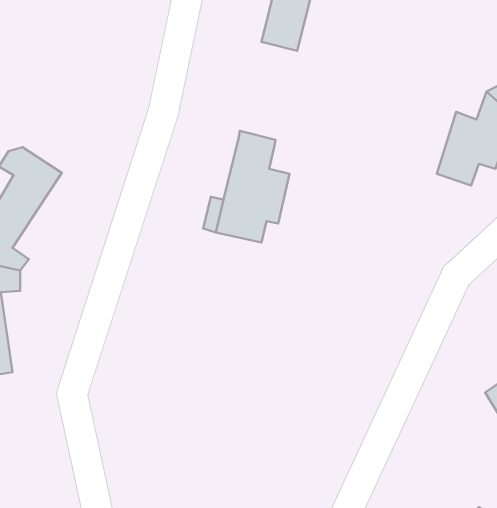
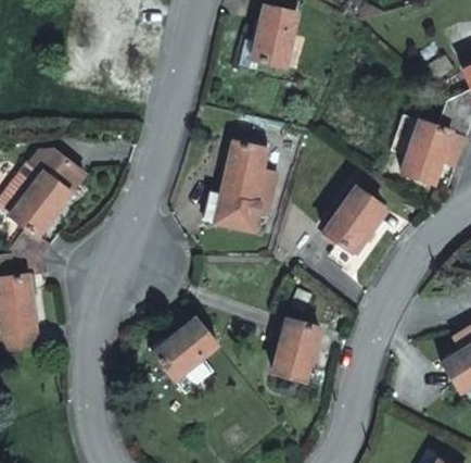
building: none -> [323,185,382,250]
building: none -> [153,320,216,381]
building: none -> [272,320,315,377]

